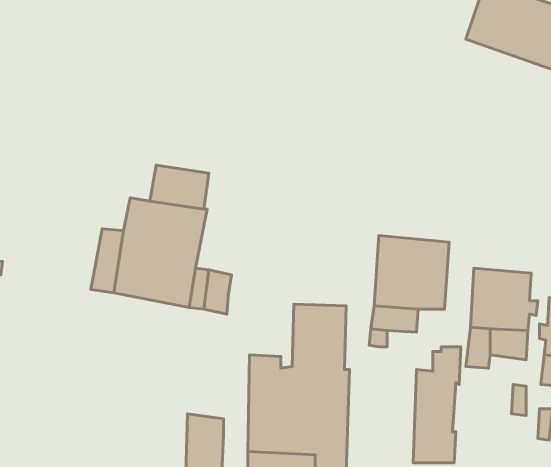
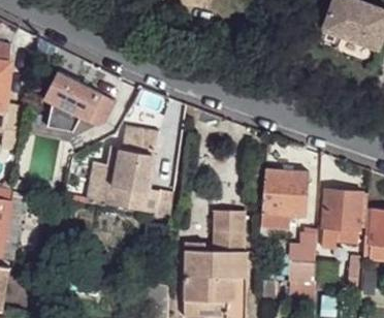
building: none -> [42,69,114,130]

